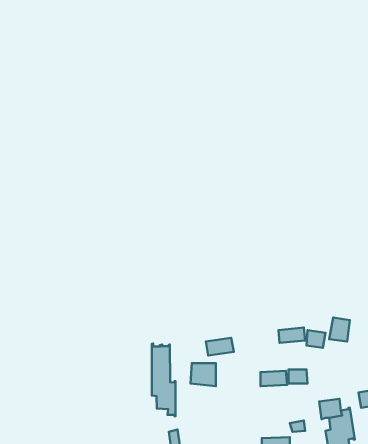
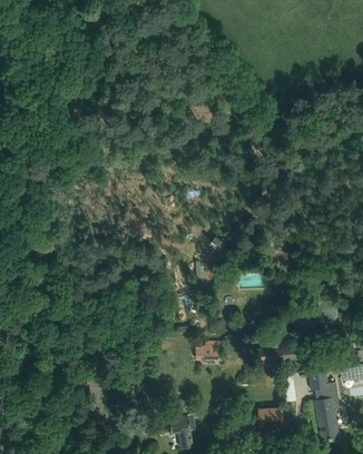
building: [152,344,176,416] -> none

